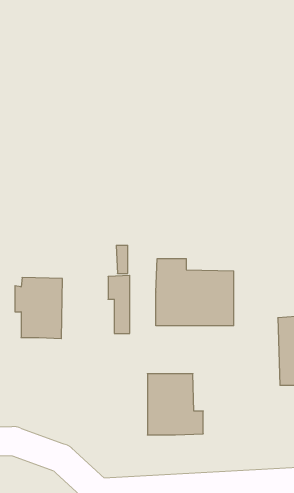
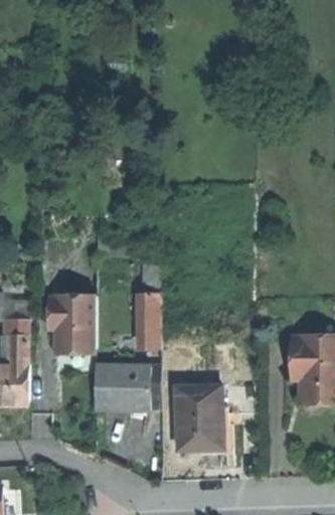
building: [156,259,234,326] -> none
building: none -> [93,365,160,410]

